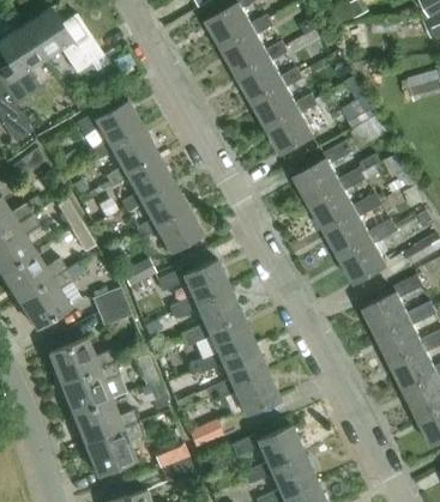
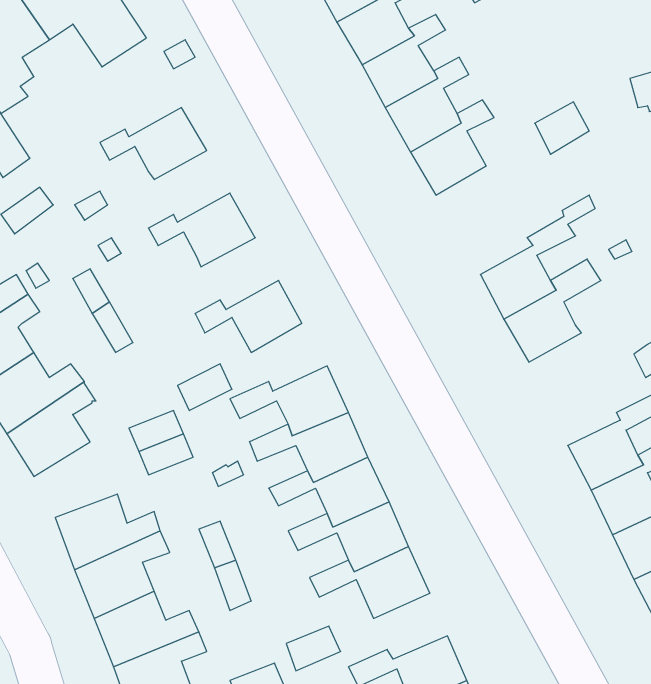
building: [90,126,156,170] -> none
building: [295,141,354,202] -> none
building: [120,180,186,224] -> none
building: [340,220,399,283] -> none

